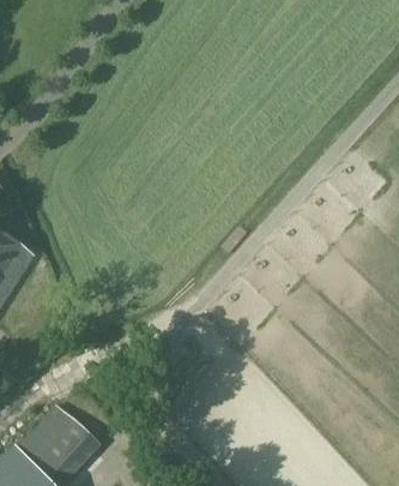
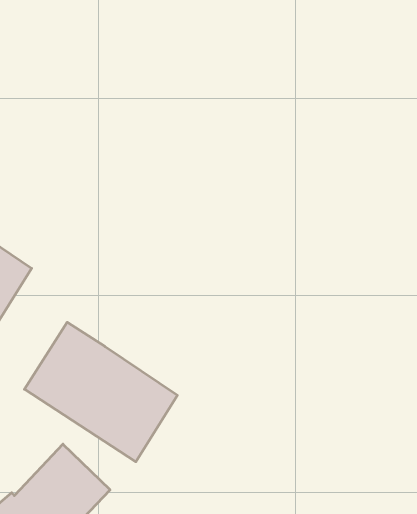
building: none -> [24,322,177,462]

